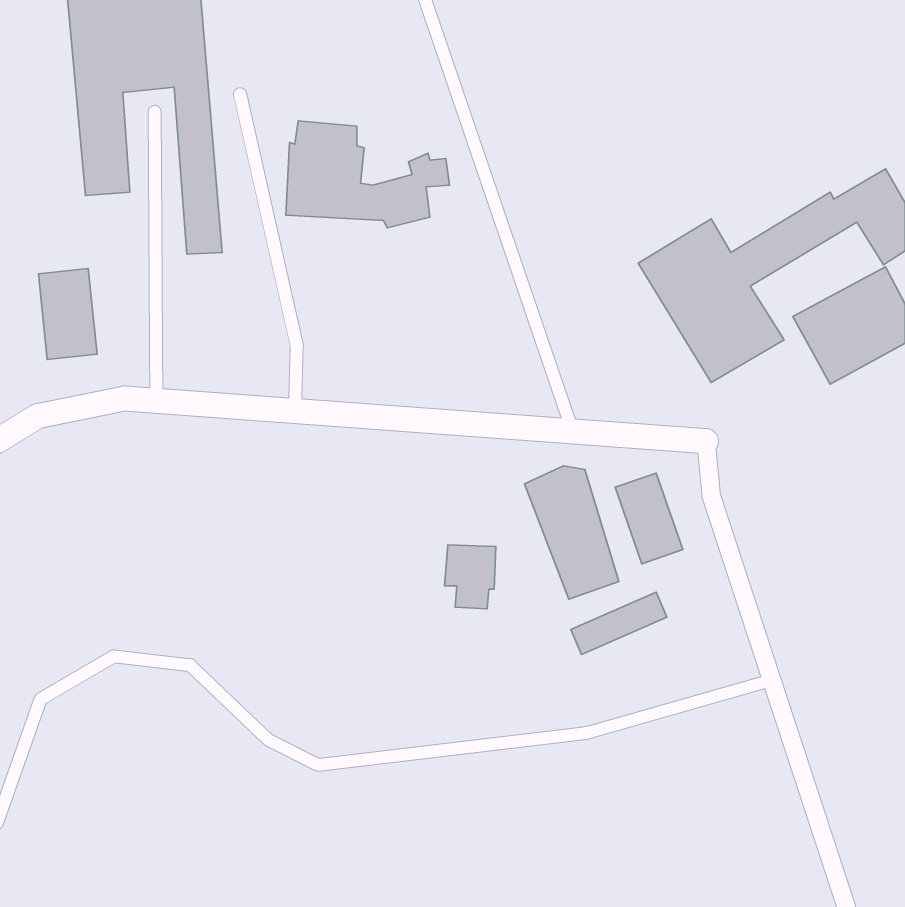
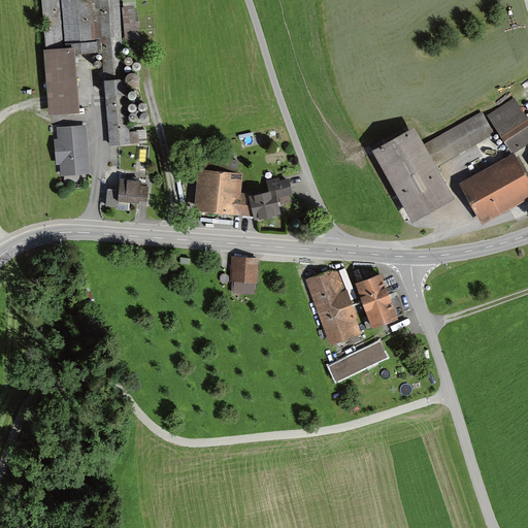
building: [286,121,449,228] -> [197,158,292,220]
building: [38,269,97,359] -> [55,124,89,176]
building: none -> [103,179,146,207]
building: [444,545,496,609] -> [229,256,259,293]

